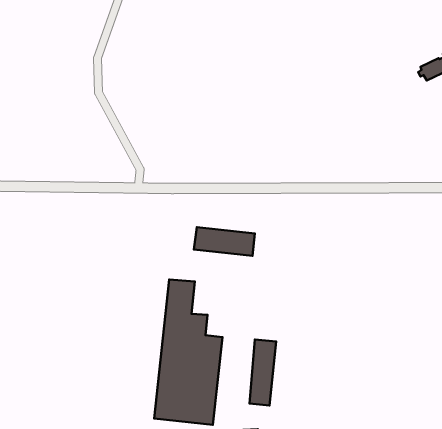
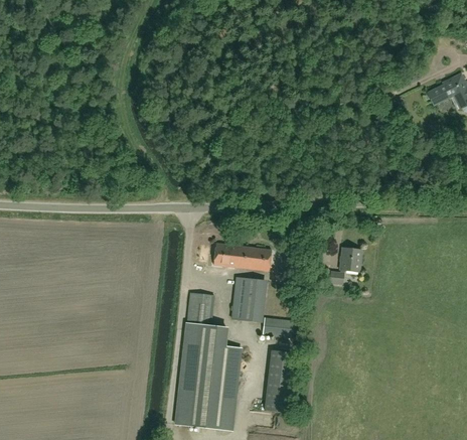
building: none -> [329,247,362,283]
building: none -> [231,276,264,320]
building: none -> [263,317,296,337]

